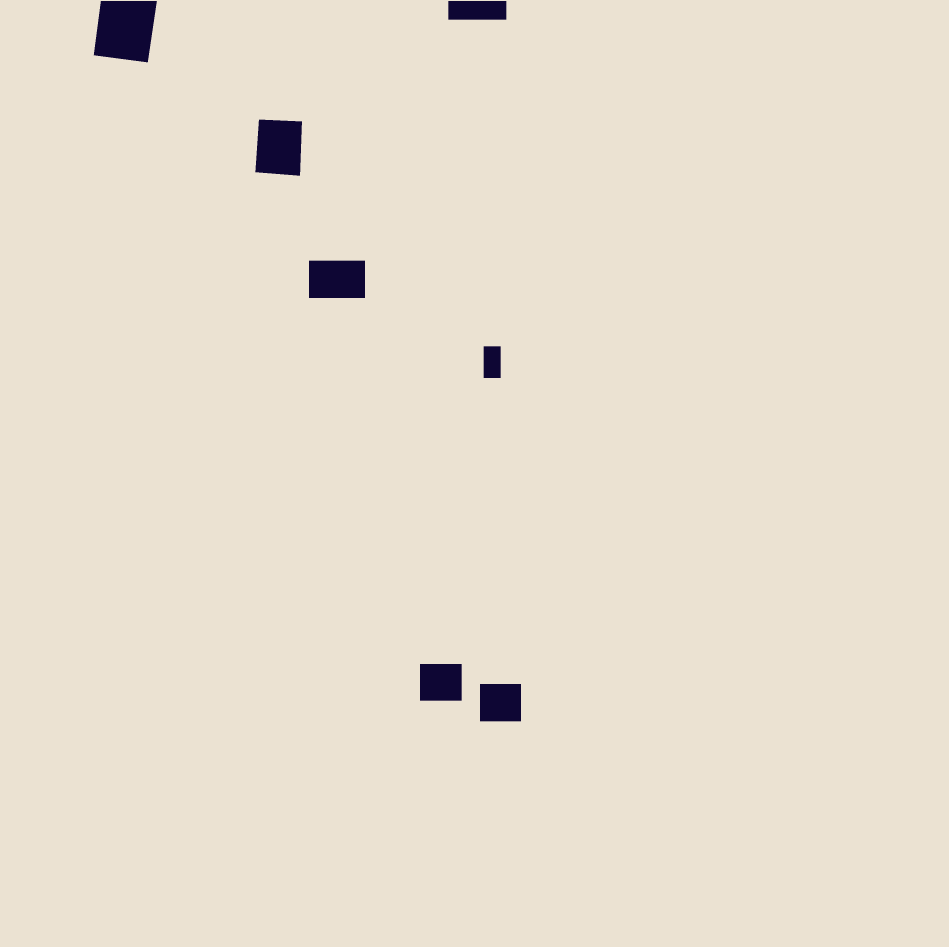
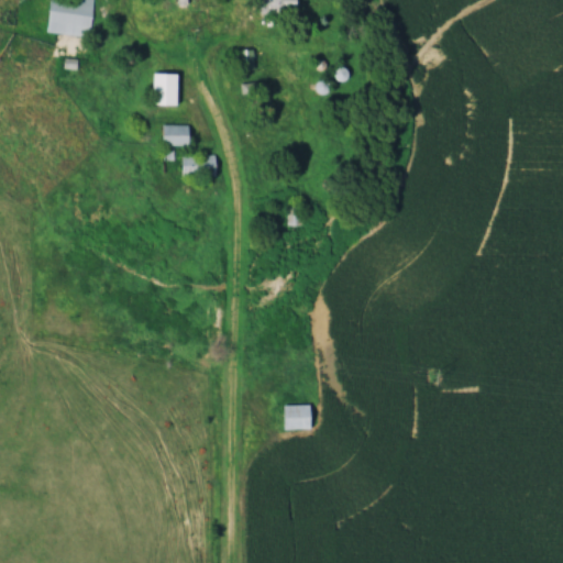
building: none -> [164,124,191,145]
building: [419,663,462,701] -> none

